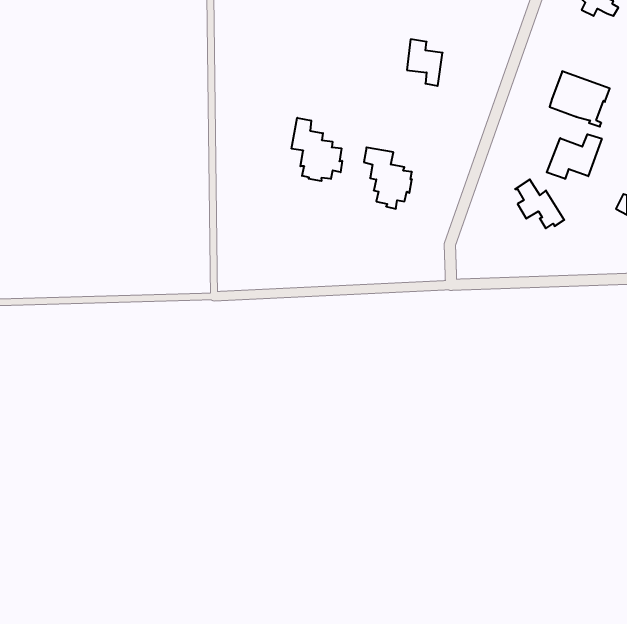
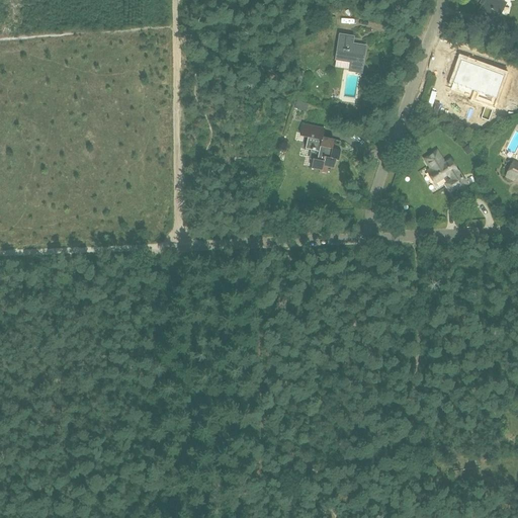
building: [292,118,342,181] -> none
building: [547,134,602,179] -> none

